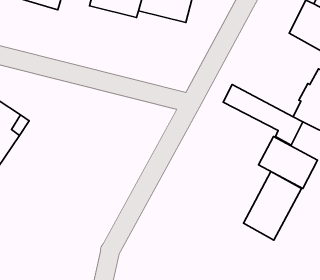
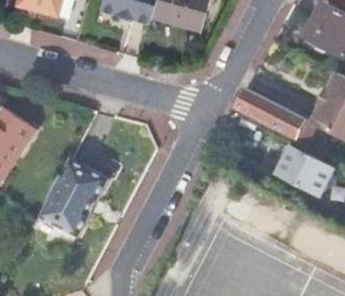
building: none -> [38,160,108,238]
building: [243,172,302,240] -> none

